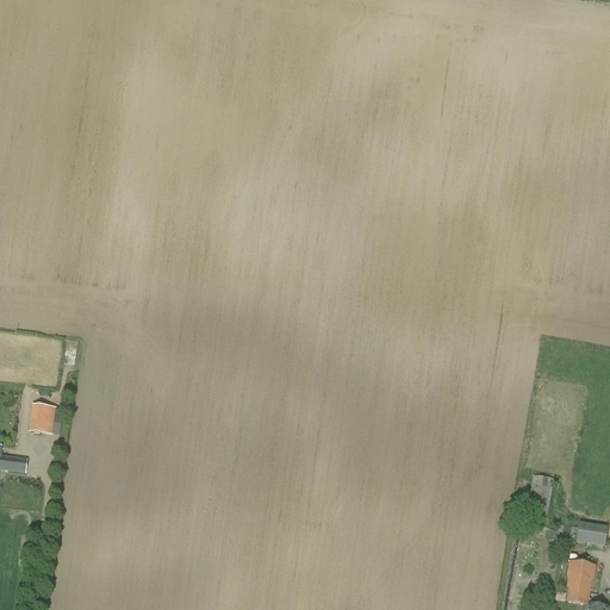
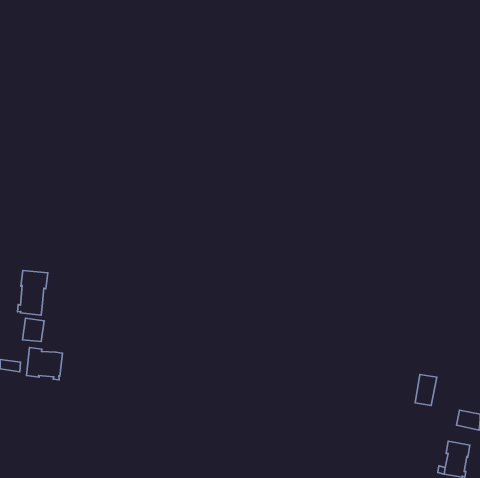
building: none -> [17,270,48,315]
building: none -> [27,348,63,380]

